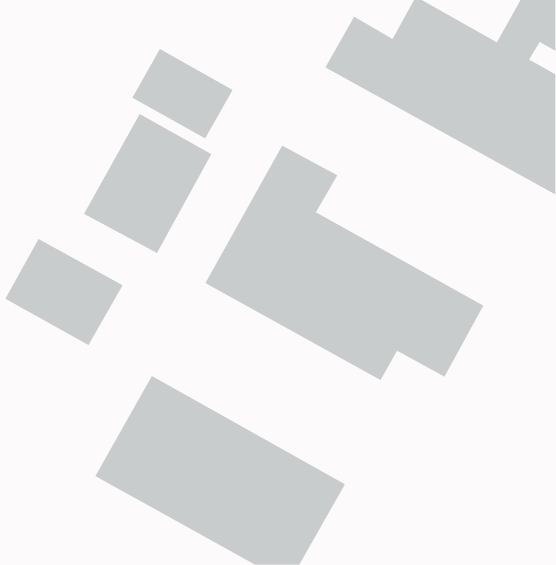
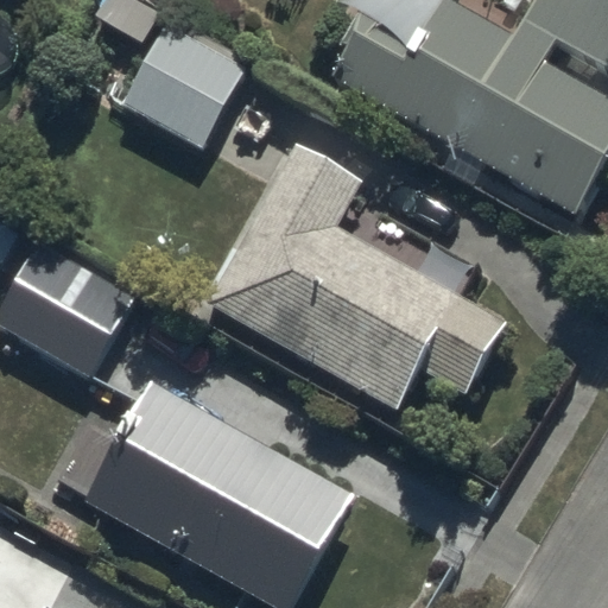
building: [83,113,212,254] -> none

